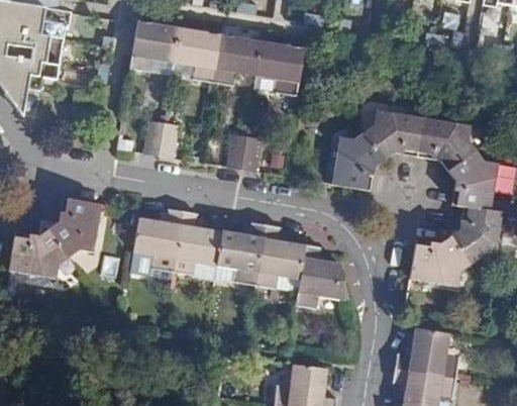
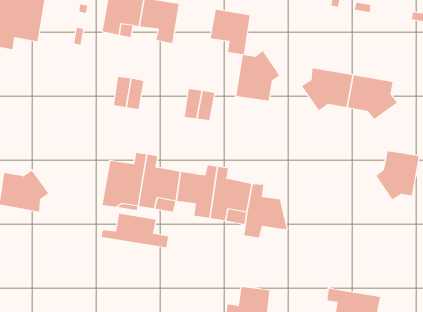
building: [213,34,263,84] -> none
building: [331,130,384,190] -> [235,50,280,101]
building: [448,149,498,210] -> none
building: [48,197,101,256] -> none
building: [410,235,470,285] -> none
building: none -> [101,213,169,248]
building: [395,327,459,377] -> none

